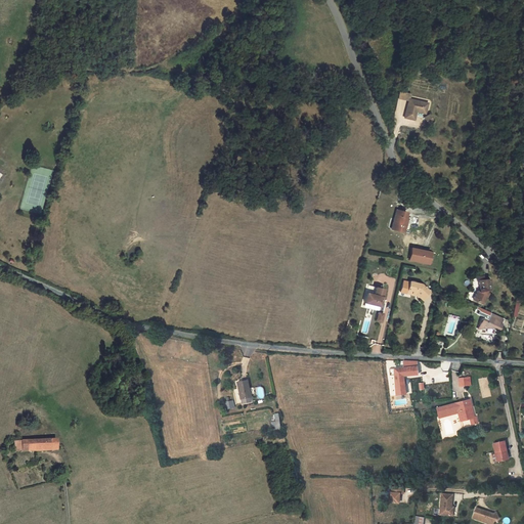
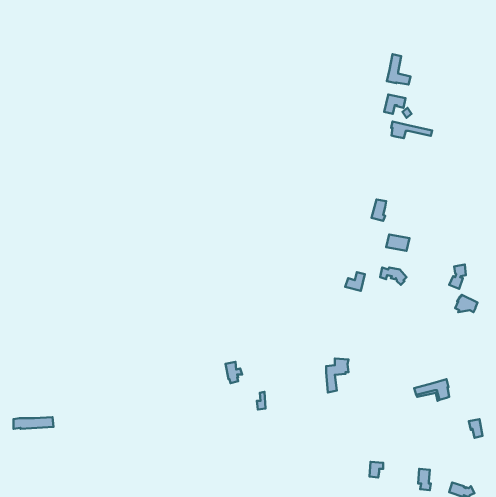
building: none -> [387,54,411,84]
building: none -> [391,122,432,138]
building: [395,360,419,396] -> [326,358,348,392]

